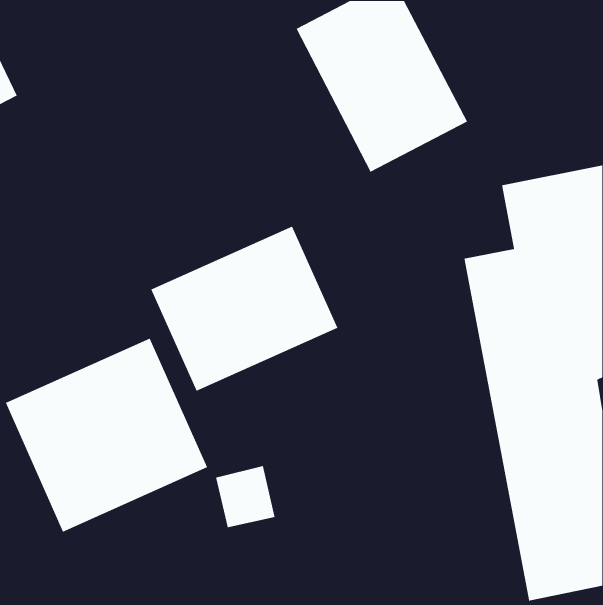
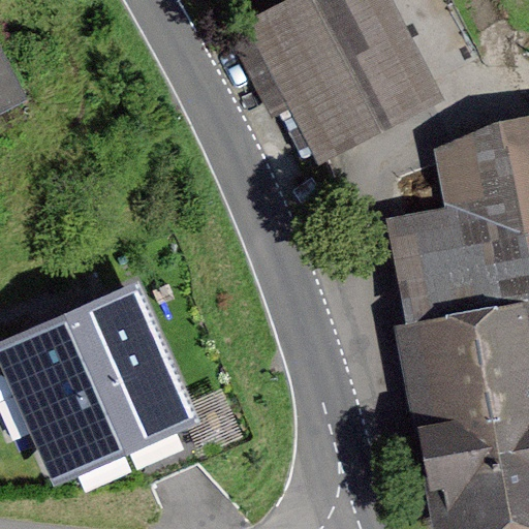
building: [150,225,339,392] -> none

